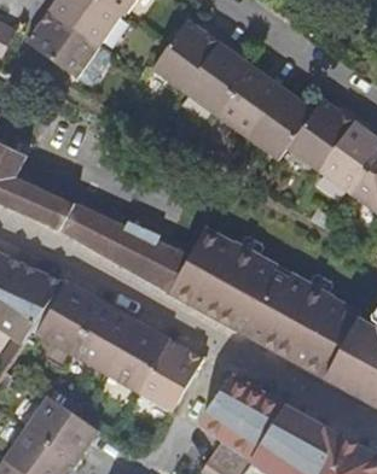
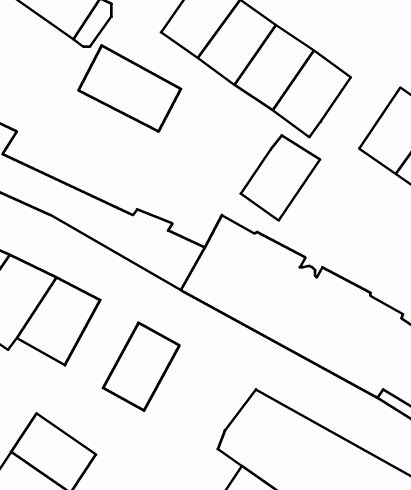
building: none -> [79,45,181,132]
building: [288,98,355,170] -> [241,135,320,220]
building: [69,299,132,374] -> none
building: [137,338,201,411] -> none

